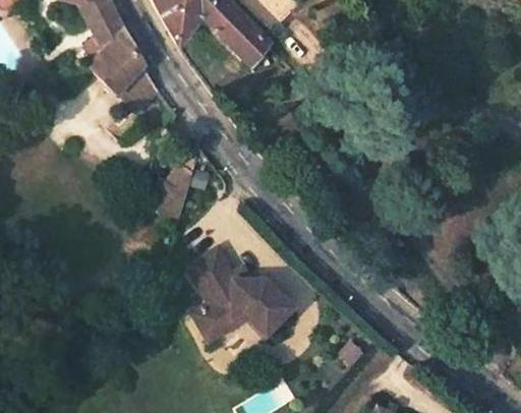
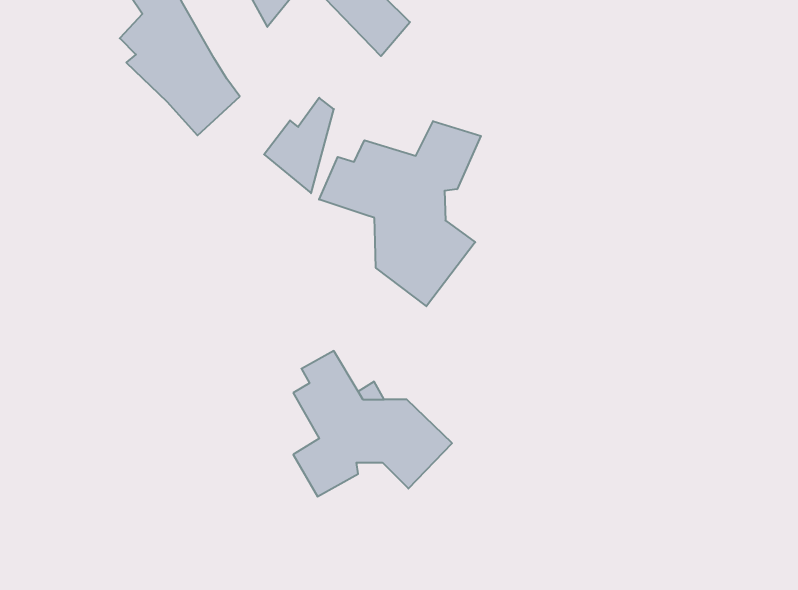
building: none -> [319,121,481,306]
building: [144,166,188,226] -> [264,98,334,193]

